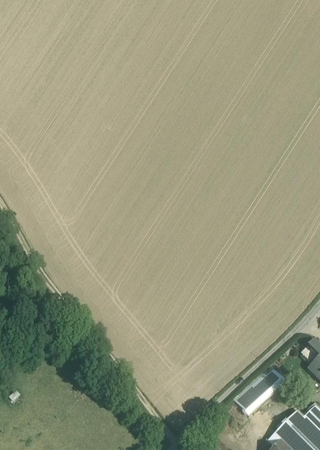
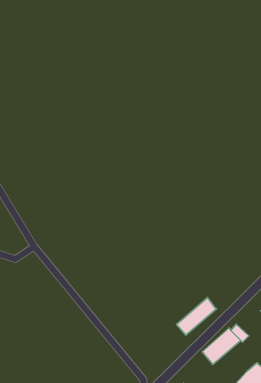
building: none -> [176,298,217,335]

